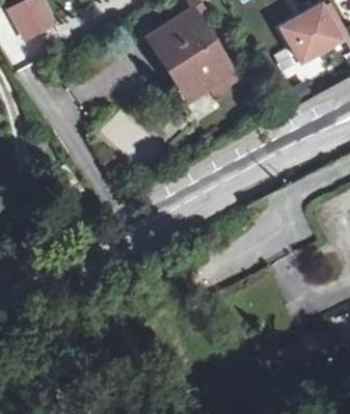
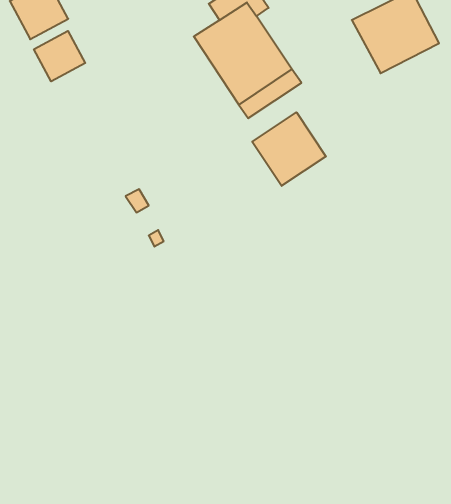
building: none -> [34,31,85,81]
building: none -> [252,112,326,186]

